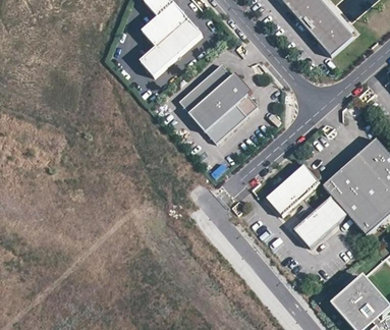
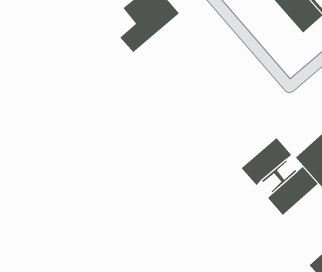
building: [176,64,256,143] -> none

